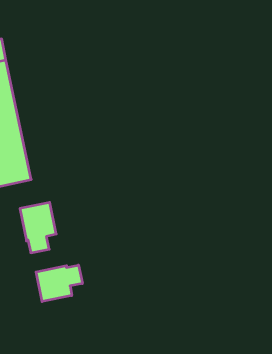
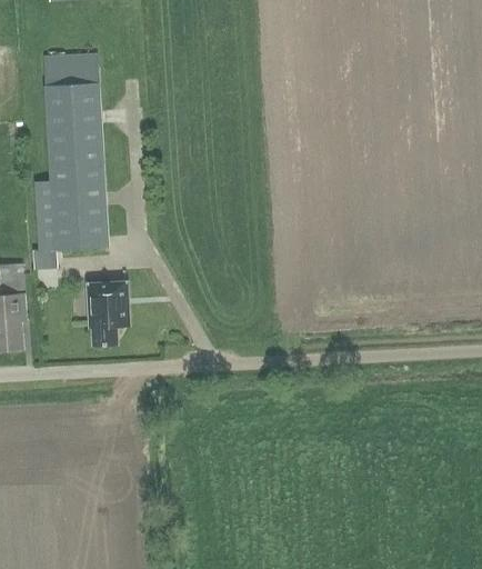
building: [36,265,82,302] -> none

